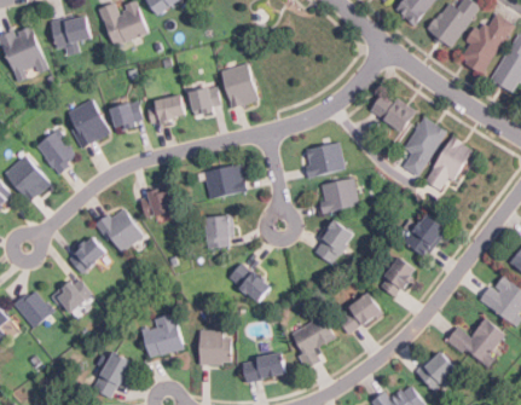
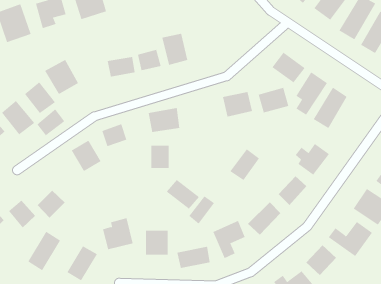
building: [111,100,144,131] -> none
building: [317,178,359,213] -> [258,87,289,113]
building: [69,236,108,273] -> [37,109,65,136]
building: none -> [188,196,215,224]
building: none -> [27,231,61,271]

